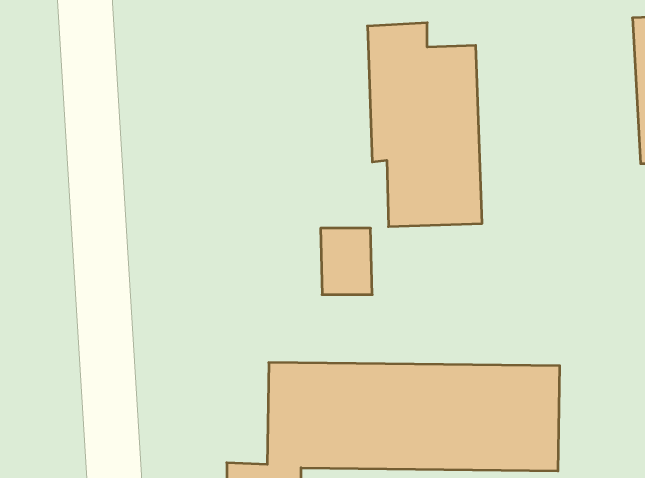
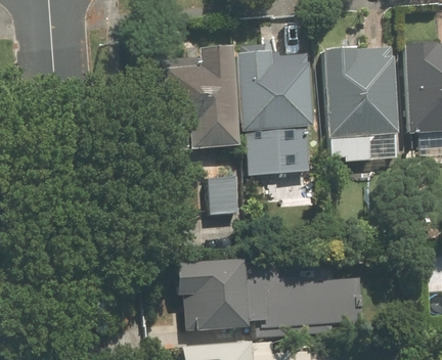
building: none -> [322,45,396,162]
building: none -> [159,46,233,152]

